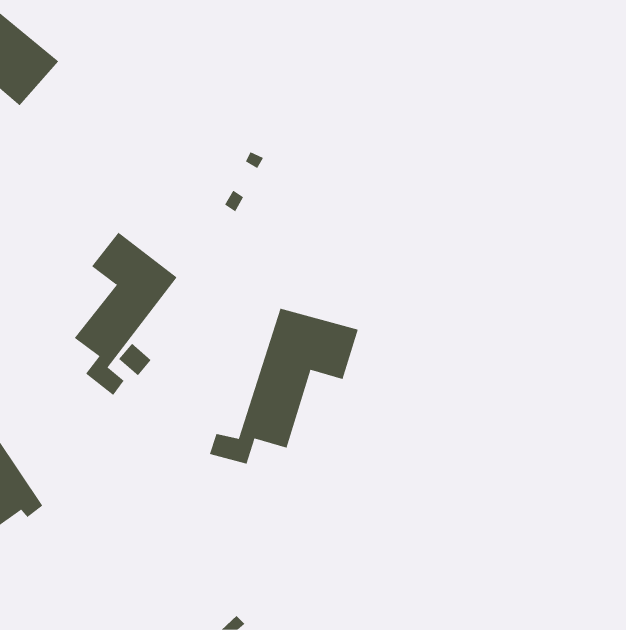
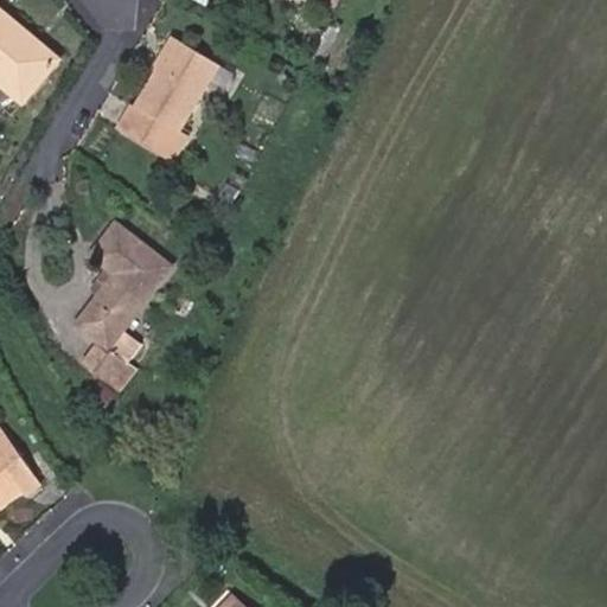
building: none -> [122,39,215,156]
building: [209,308,359,465] -> none

